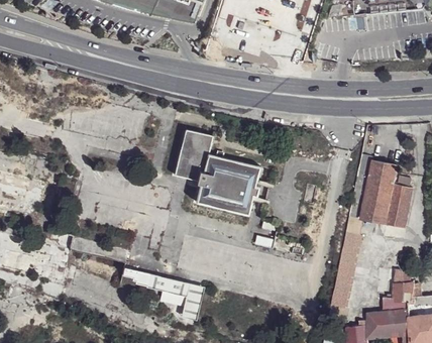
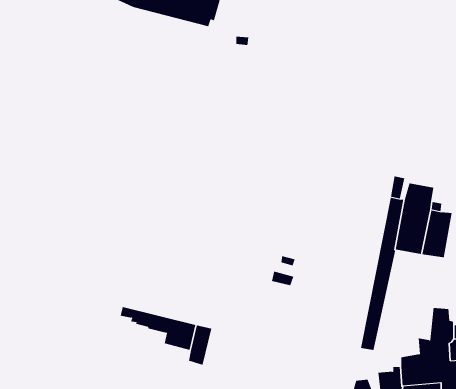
building: [173,128,259,217] -> none

